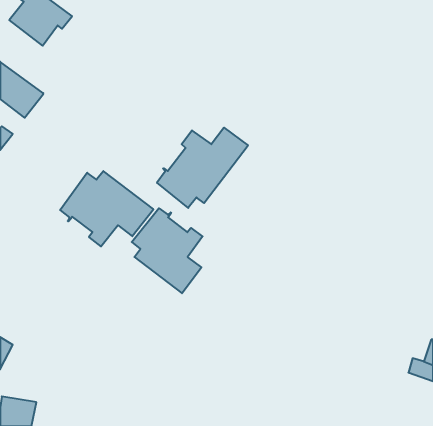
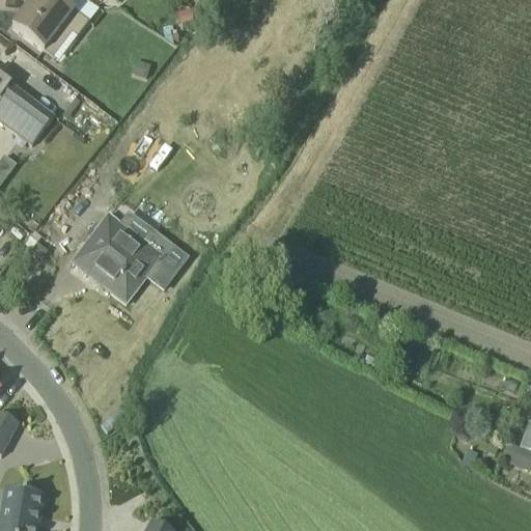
building: [157,128,248,208] -> none
building: [132,208,203,293] -> none

